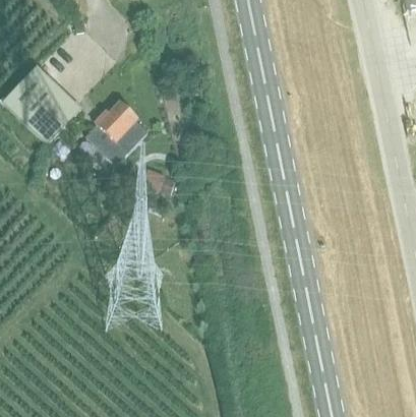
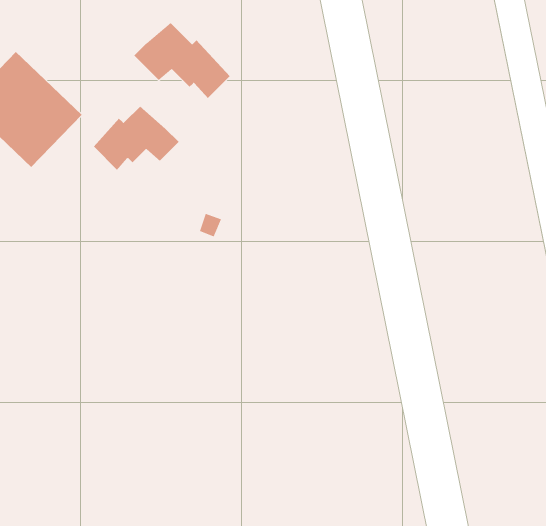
building: none -> [133,22,230,99]

